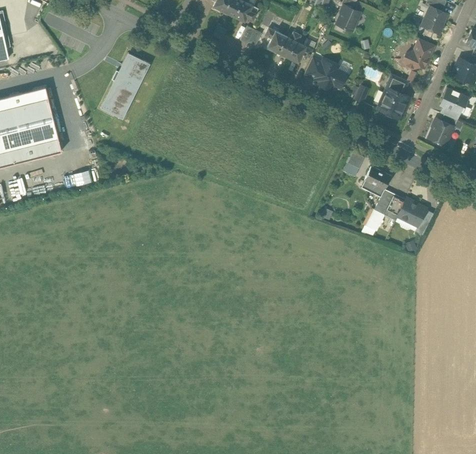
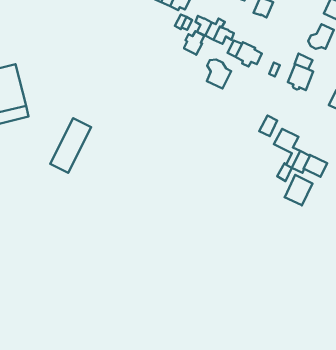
building: none -> [184,31,204,55]
building: [100,53,150,120] -> [50,118,91,173]
building: none -> [207,60,231,89]
building: none -> [284,175,313,206]

